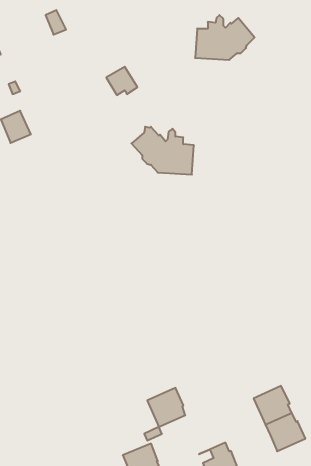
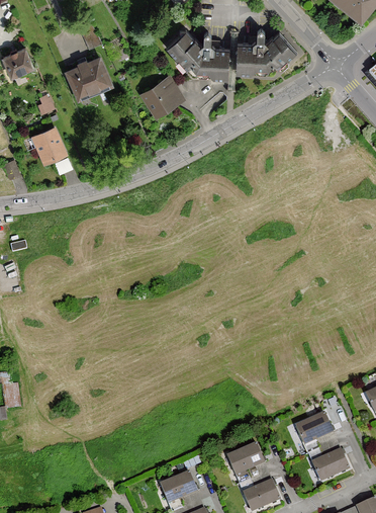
building: none -> [67,57,110,93]
building: [131,127,194,175] -> [165,28,229,78]
building: [147,388,185,427] -> [226,442,266,483]

